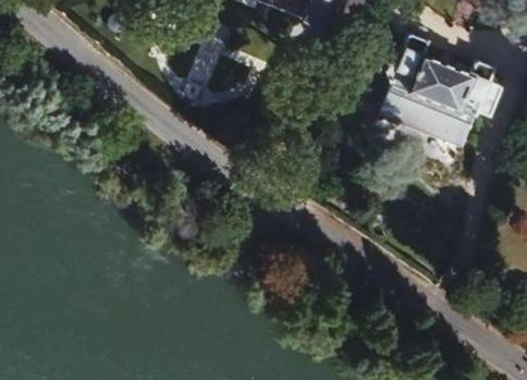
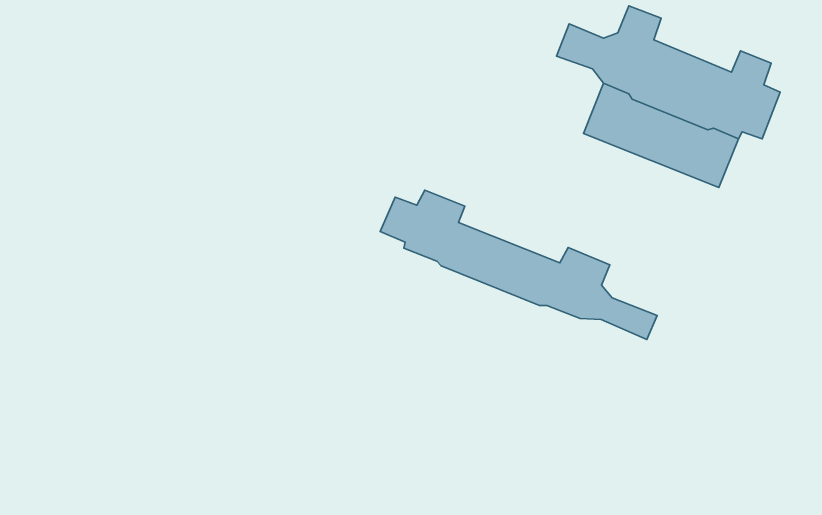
building: none -> [380,190,657,339]

